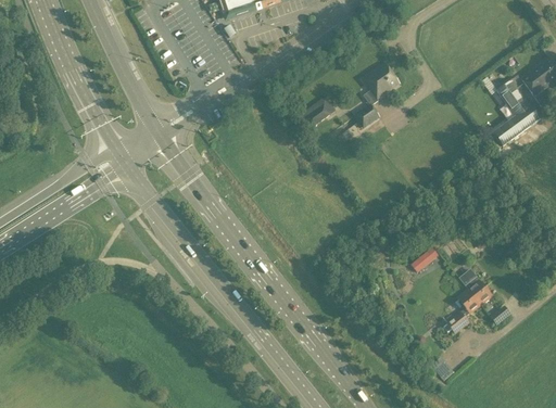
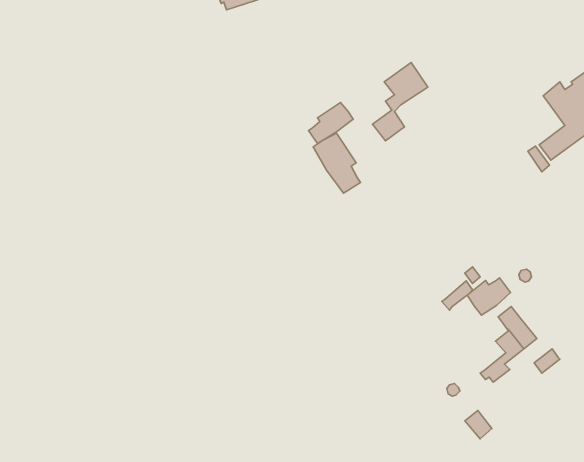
building: none -> [313,133,361,193]
building: none -> [467,278,511,315]

